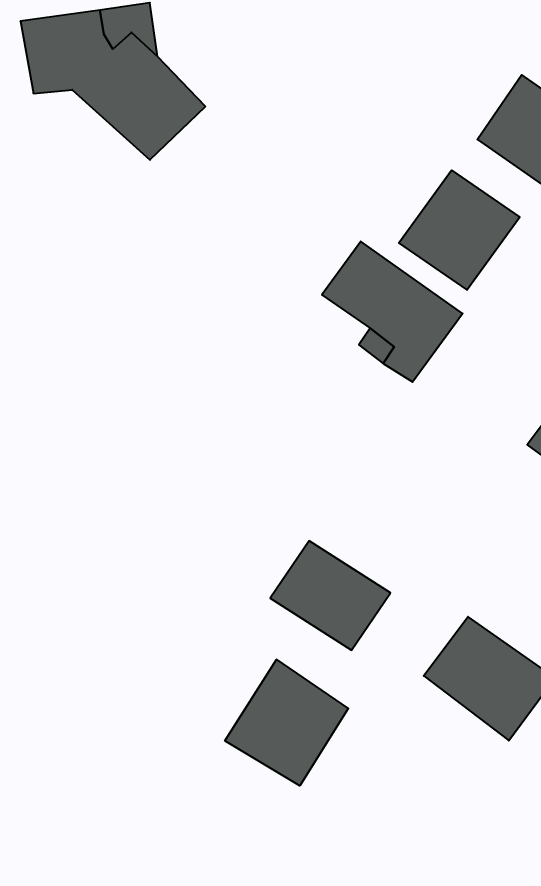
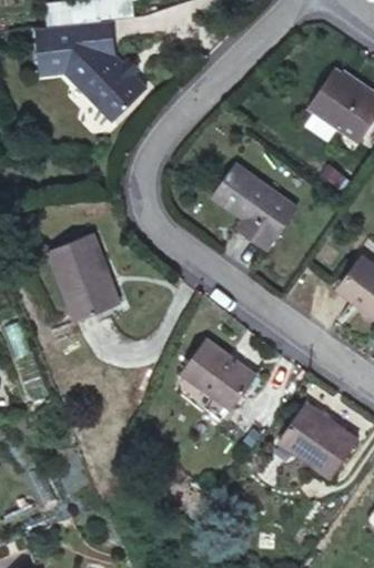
building: [399,170,520,290] -> none
building: none -> [48,236,124,329]
building: [225,659,348,786] -> none

